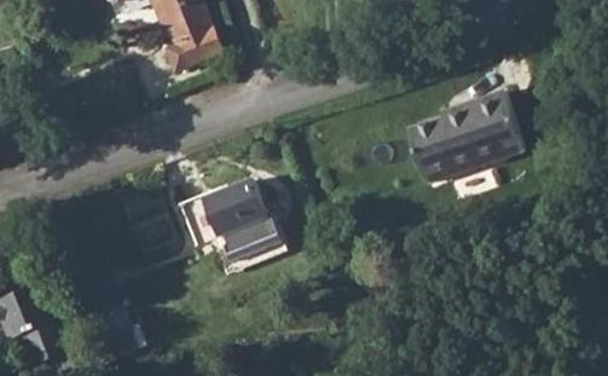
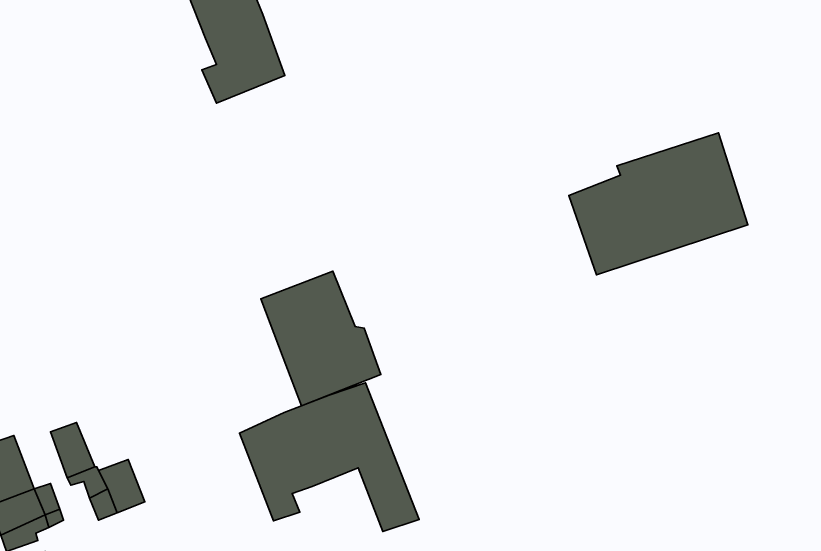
building: [178,193,219,247] -> none
building: none -> [240,383,419,532]

